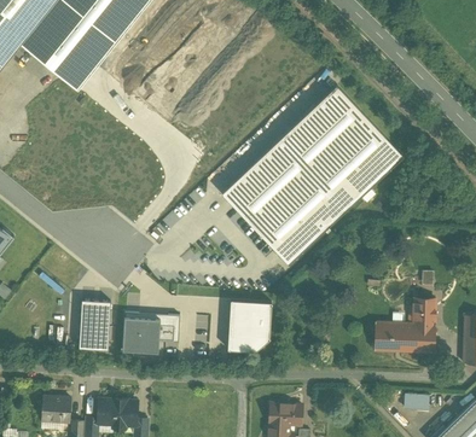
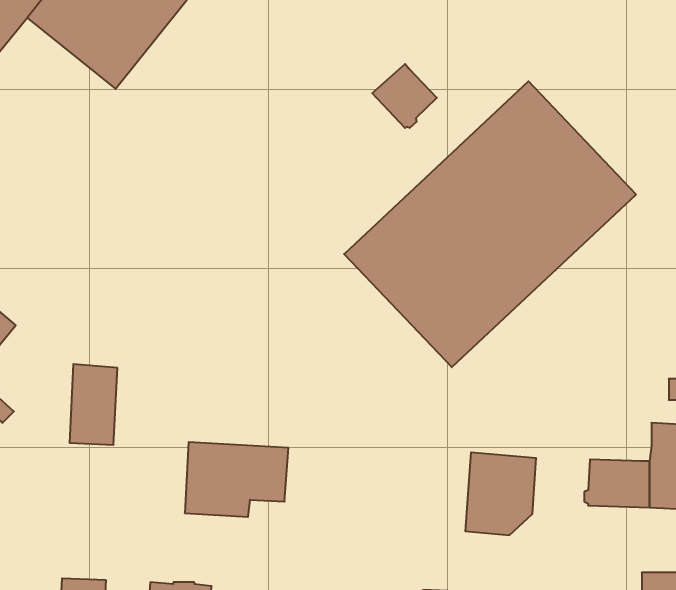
building: none -> [372,64,437,128]
building: [81,304,111,355] -> [69,364,117,445]
building: [228,305,273,357] -> [465,452,536,535]

